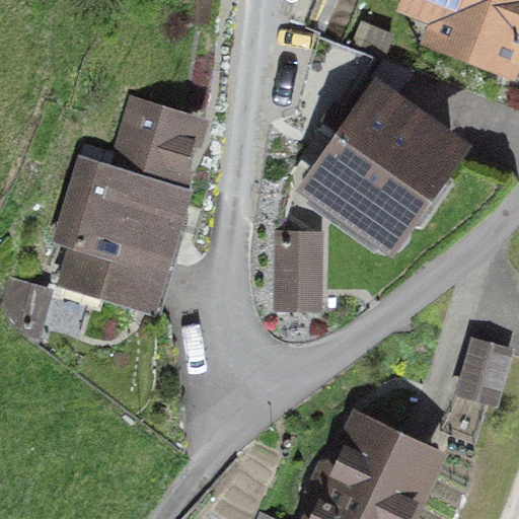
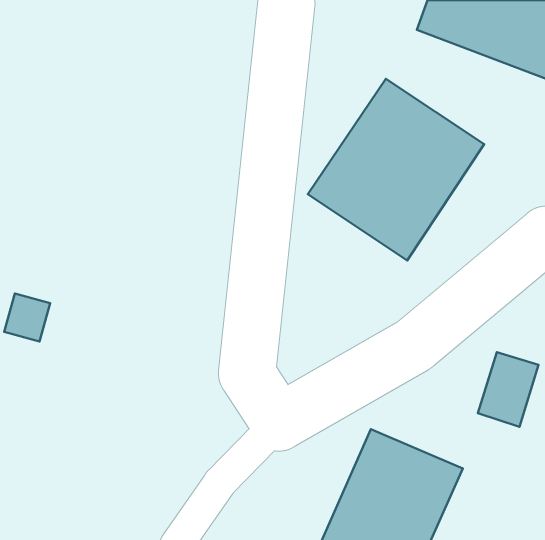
building: [65,94,212,309] -> none
building: [277,240,325,317] -> none

